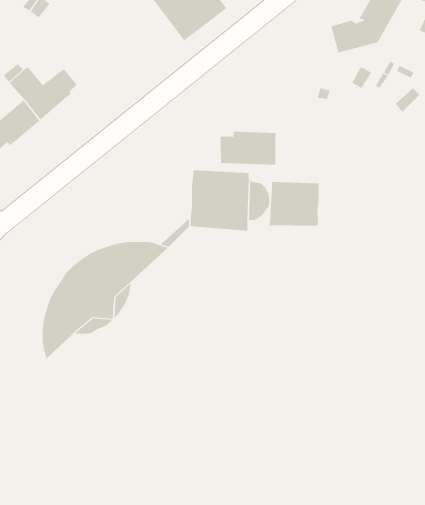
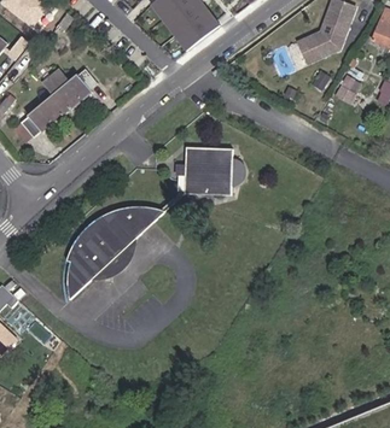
building: [220,131,276,165] -> none
building: [269,181,319,227] -> none

